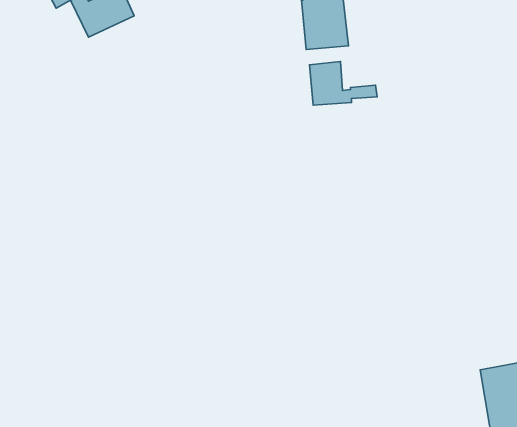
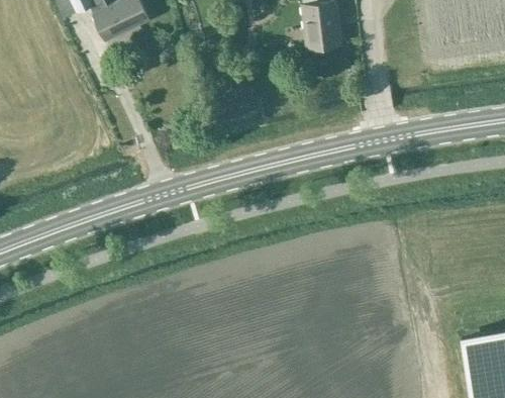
building: [310,61,377,105] -> none

